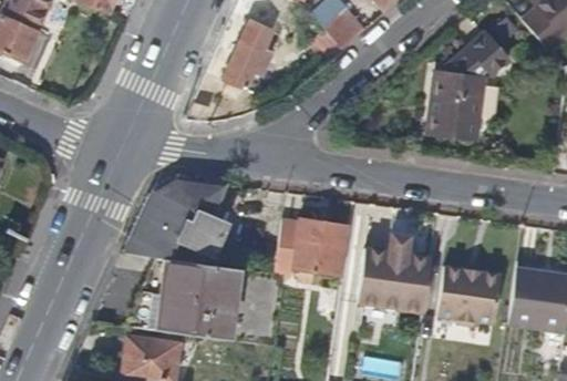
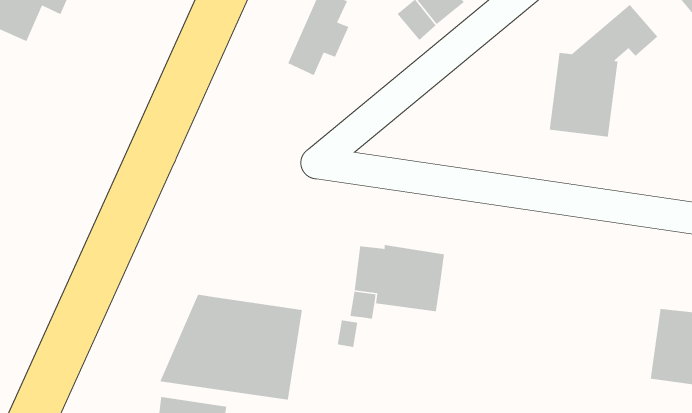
building: [125,177,229,260] -> none
building: [359,235,432,308] -> none
building: [444,269,502,323] -> none

